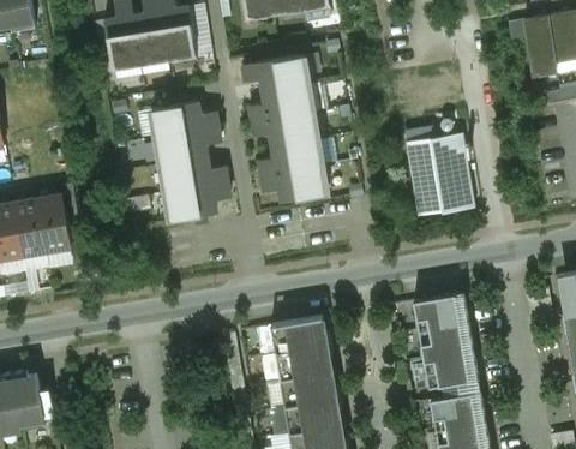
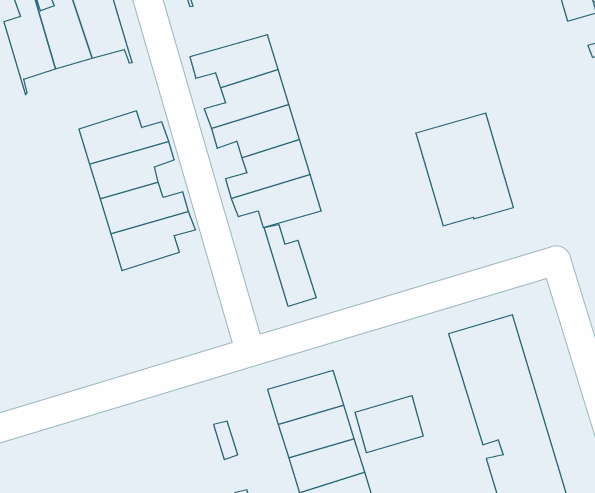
building: none -> [264,224,316,306]
building: none -> [355,396,423,453]

